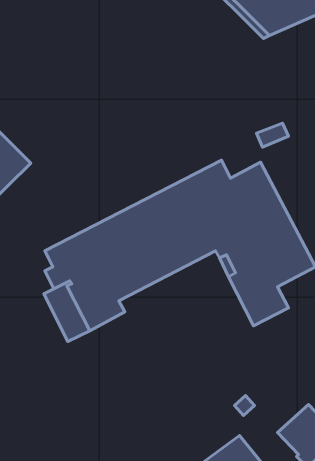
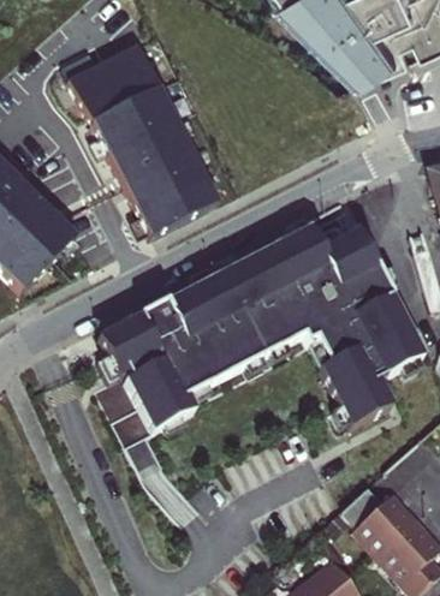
building: none -> [71,40,221,232]
building: none -> [341,487,415,555]

